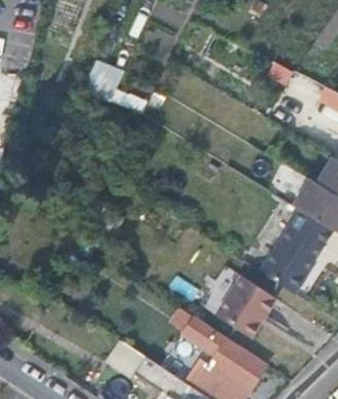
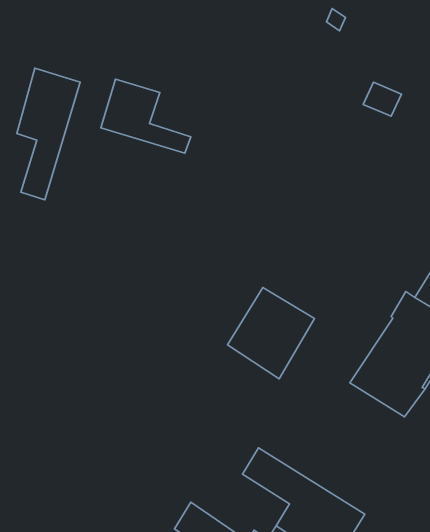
building: none -> [17,68,80,200]
building: [212,273,273,336] -> [228,287,315,379]

